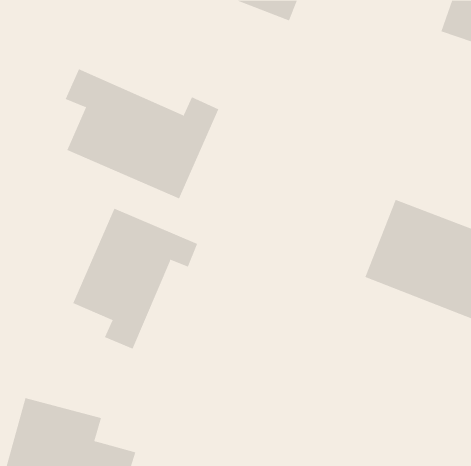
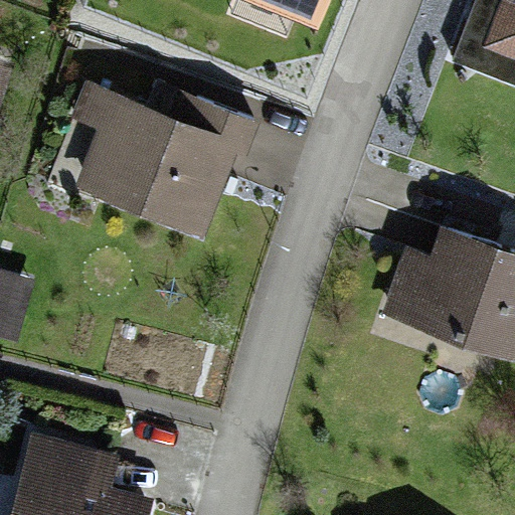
building: [73,208,198,349] -> none

